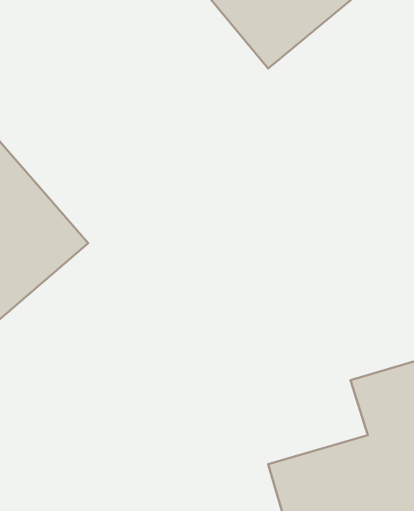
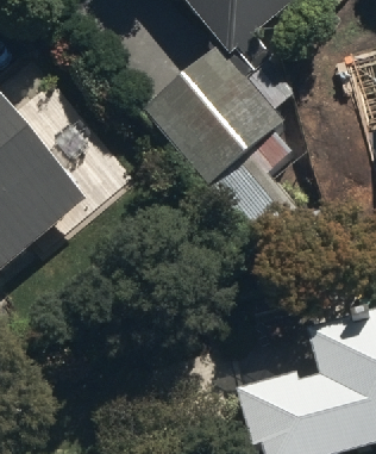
building: none -> [148,51,283,187]

